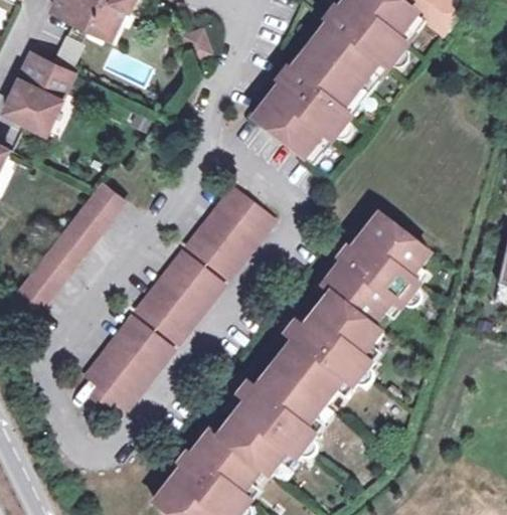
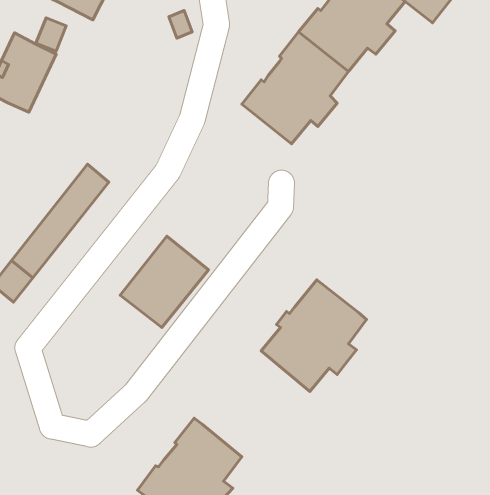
building: [187,187,273,278] -> none
building: [324,215,430,326] -> none
building: [83,315,172,406] -> none
building: [217,364,324,476] -> none

